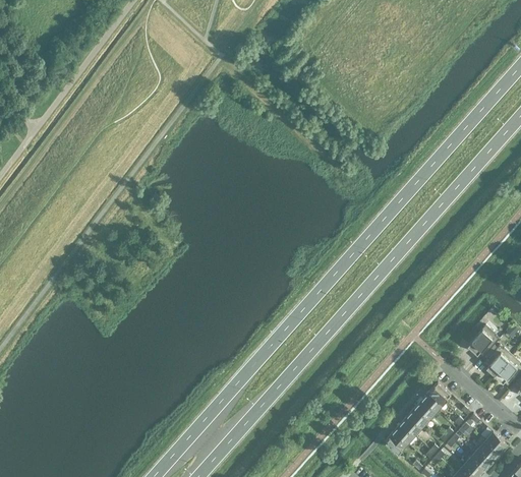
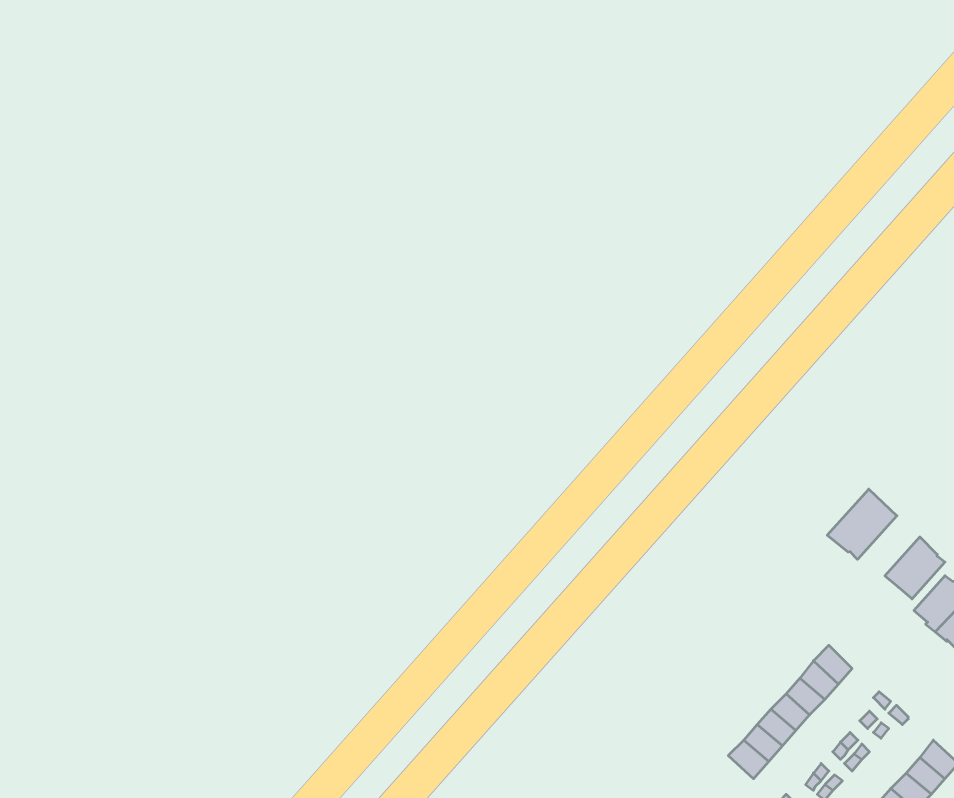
building: none -> [827,489,897,559]

